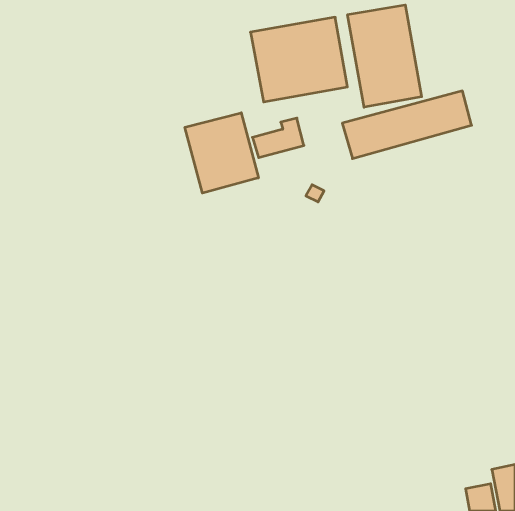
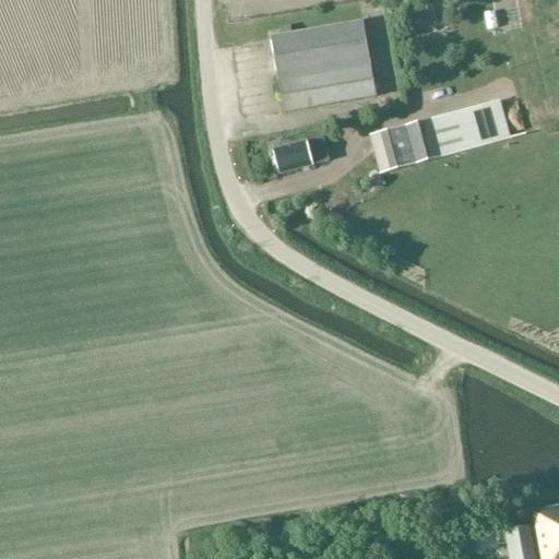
building: [348,5,422,107] -> none
building: [185,113,258,193] -> none

